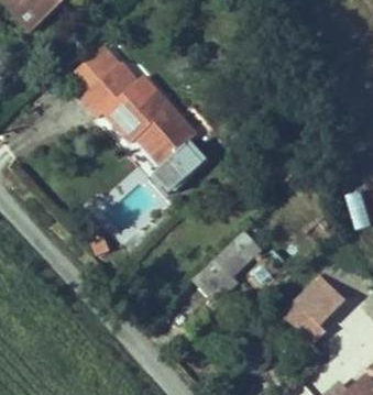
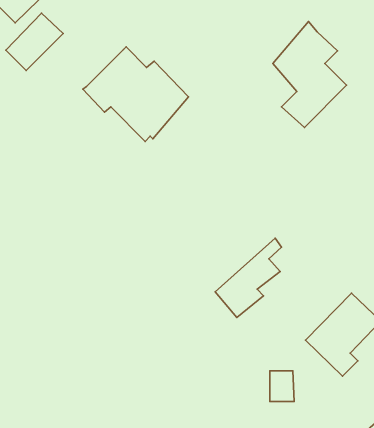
building: [68,46,118,96] -> [6,13,63,71]
building: [143,105,207,196] -> [273,21,347,127]

